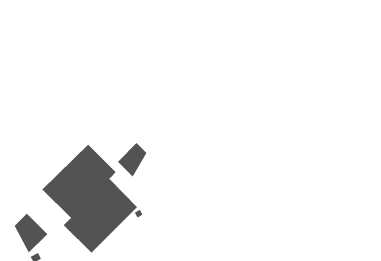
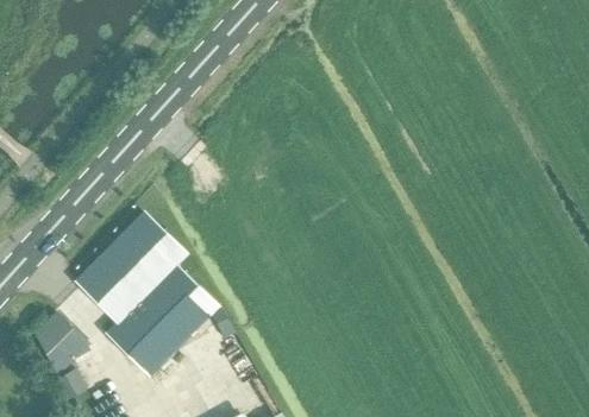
building: [117,142,147,177] -> none

